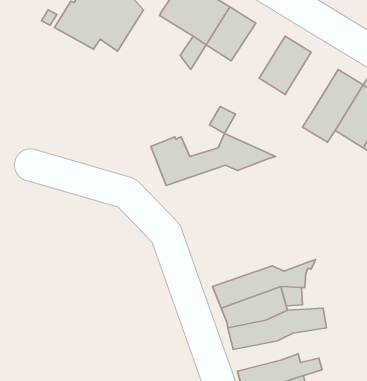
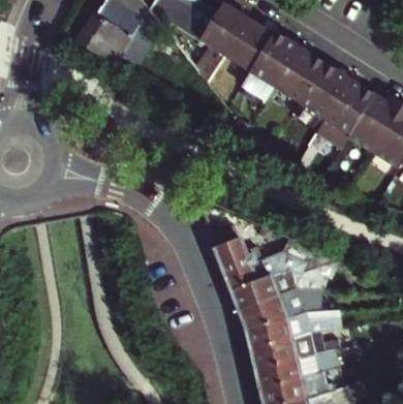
building: none -> [248,31,300,87]
building: none -> [300,62,350,119]
building: [151,134,275,186] -> [216,236,335,285]
building: none -> [250,330,339,366]

